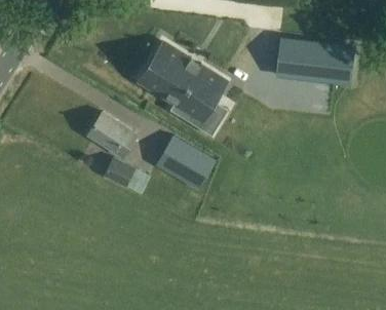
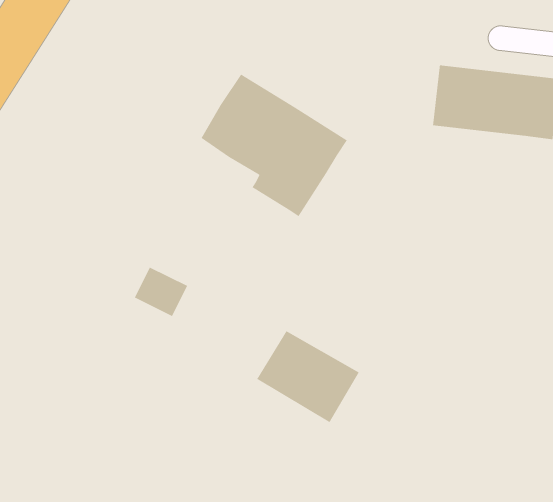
building: [87,113,138,158] -> none
building: [155,135,216,190] -> [256,330,360,423]

